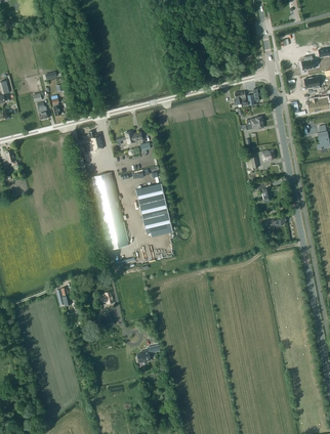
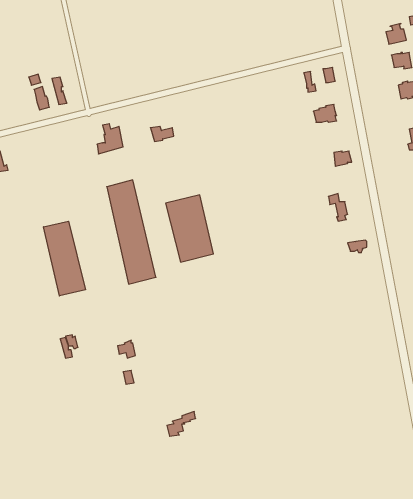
building: none -> [44,221,85,296]

